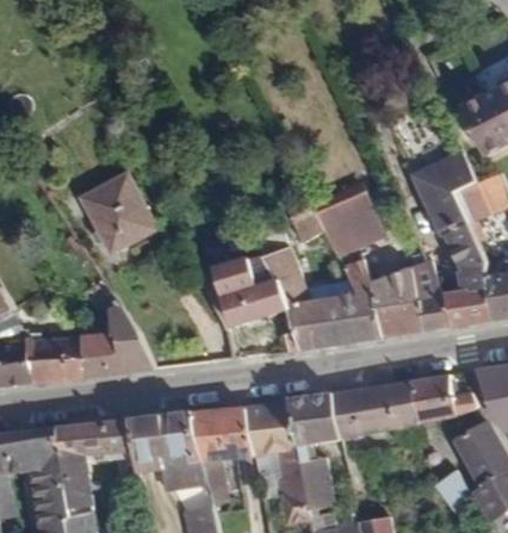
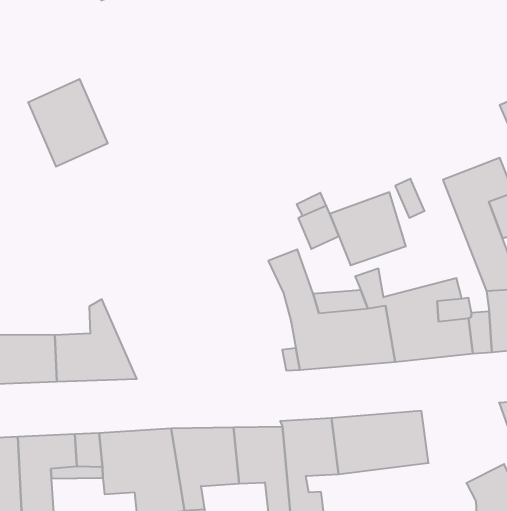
building: [83,173,156,252] -> [28,79,108,167]
building: [216,253,289,327] -> none
building: [409,373,478,424] -> none

